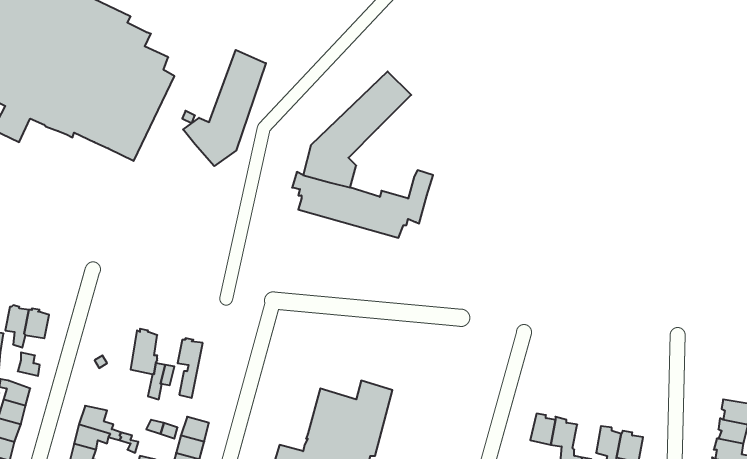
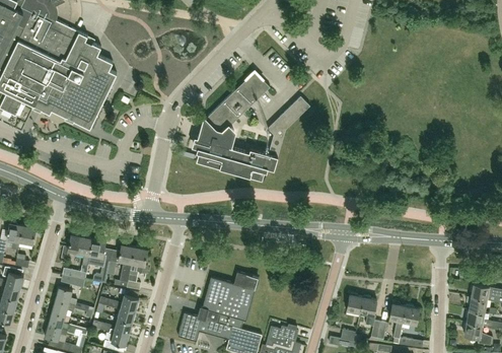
building: [183,50,266,166] -> none
building: none -> [267,96,309,139]
building: none -> [62,235,91,279]
building: none -> [126,248,148,290]

